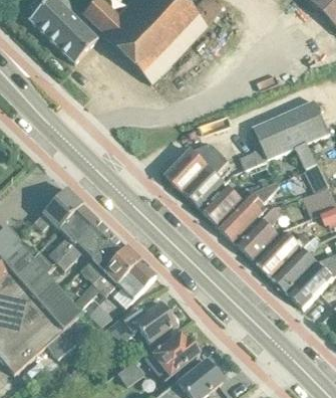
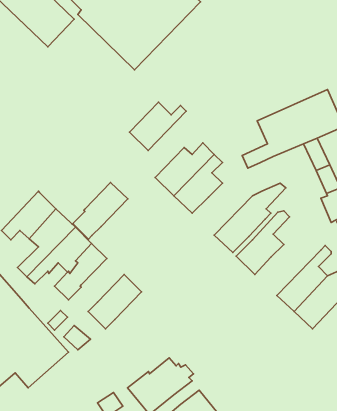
building: [203,184,252,226] -> [130,102,186,151]
building: [257,231,311,278] -> none
building: [92,246,140,295] -> [72,182,128,239]
building: [98,302,177,350] -> none

